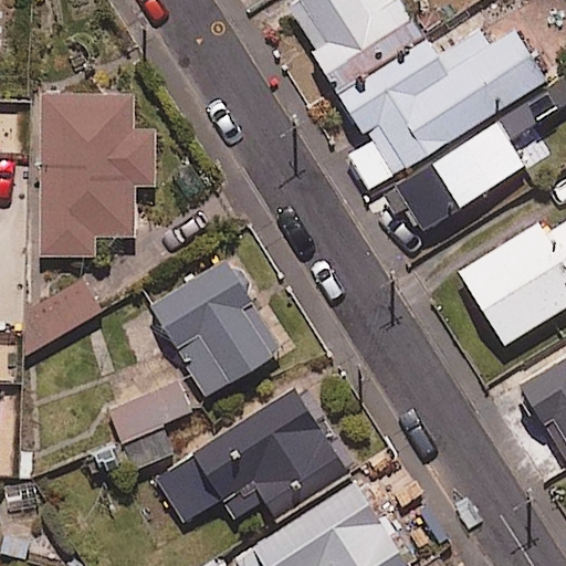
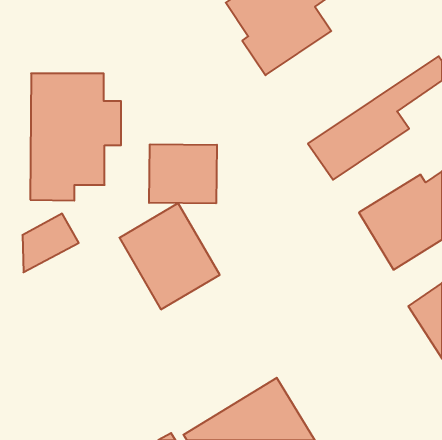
building: [339,29,560,191] -> none
building: none -> [149,144,217,203]
building: [105,378,192,470] -> none
building: [156,384,355,524] -> none

